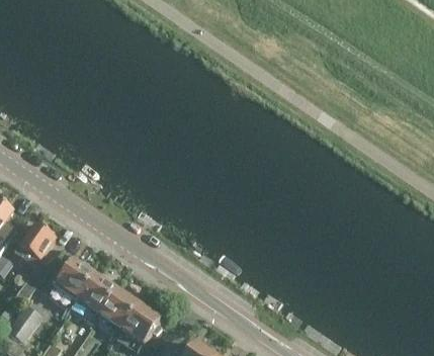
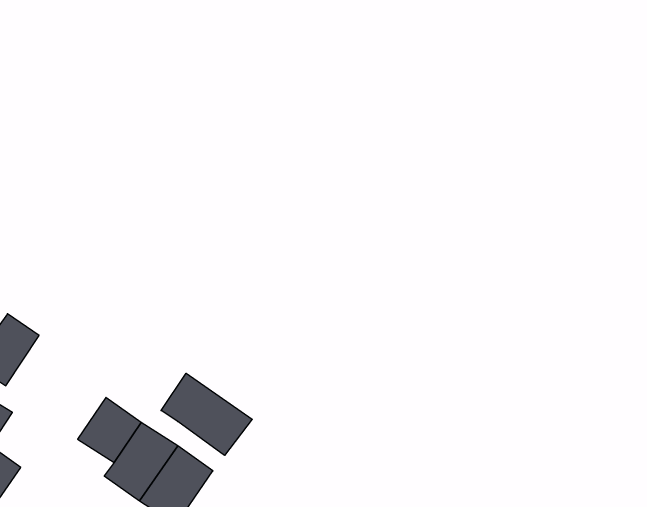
building: [49,259,94,308] -> none
building: none -> [161,373,252,455]

